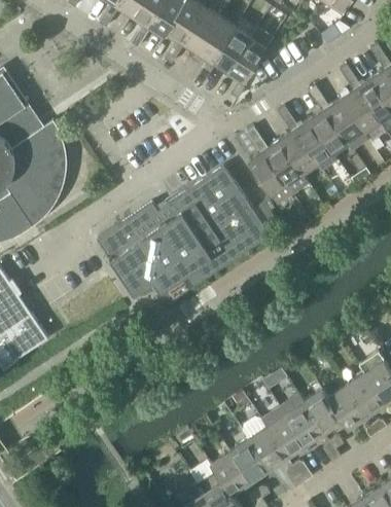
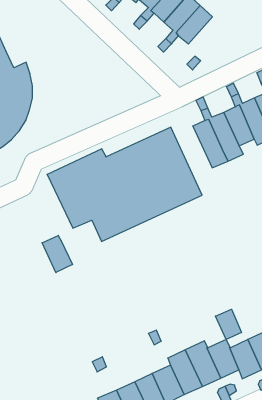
building: [228,38,266,83] -> none
building: none -> [42,235,72,273]
building: none -> [215,309,242,340]

